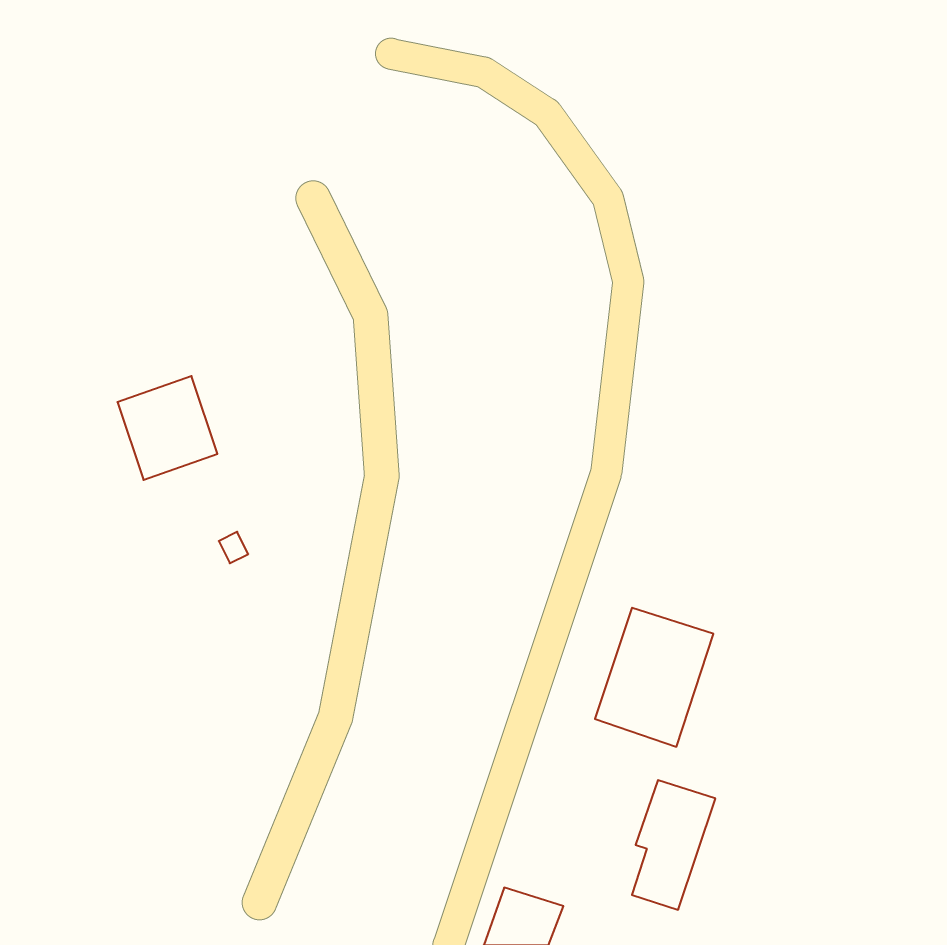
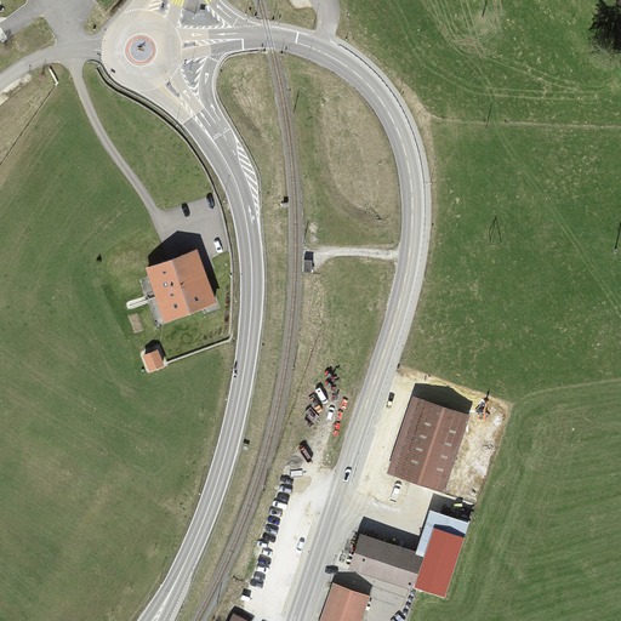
building: [117,376,217,480] -> [147,256,212,324]
building: none -> [352,535,423,586]

